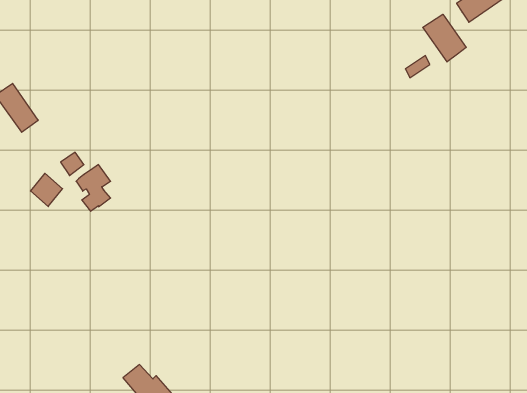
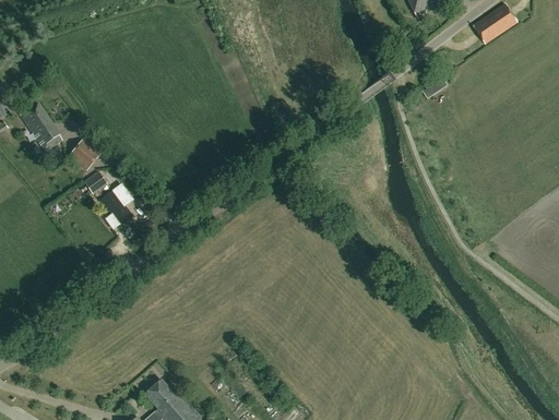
building: [423,14,466,62] -> none
building: [30,173,63,207] -> [68,137,99,170]

